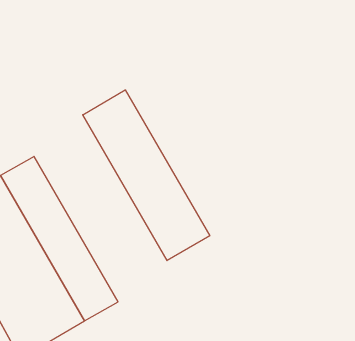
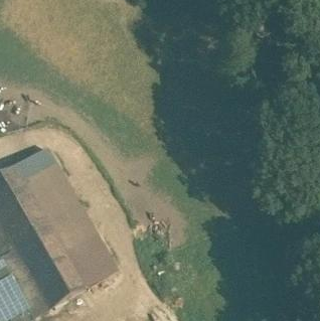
building: [83,90,210,261] -> none

